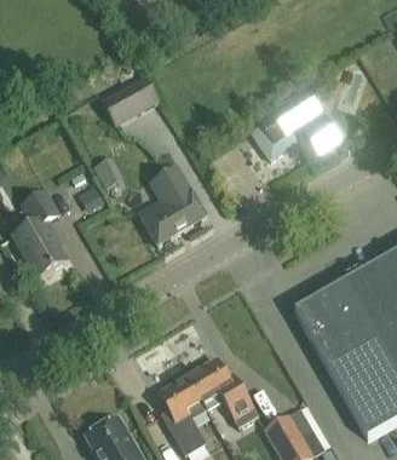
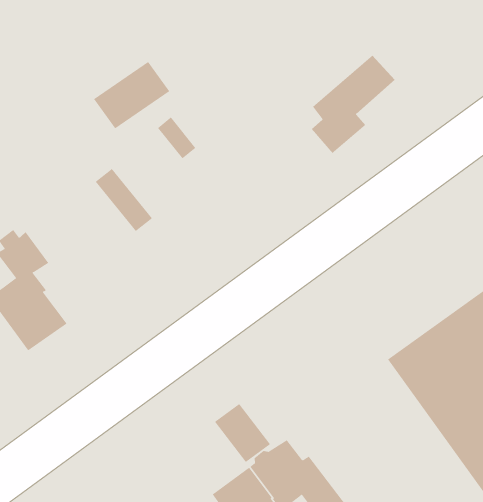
building: [138,165,207,243] -> none
building: none -> [214,403,271,463]

